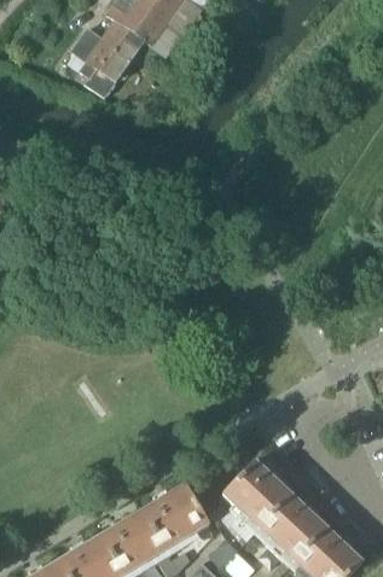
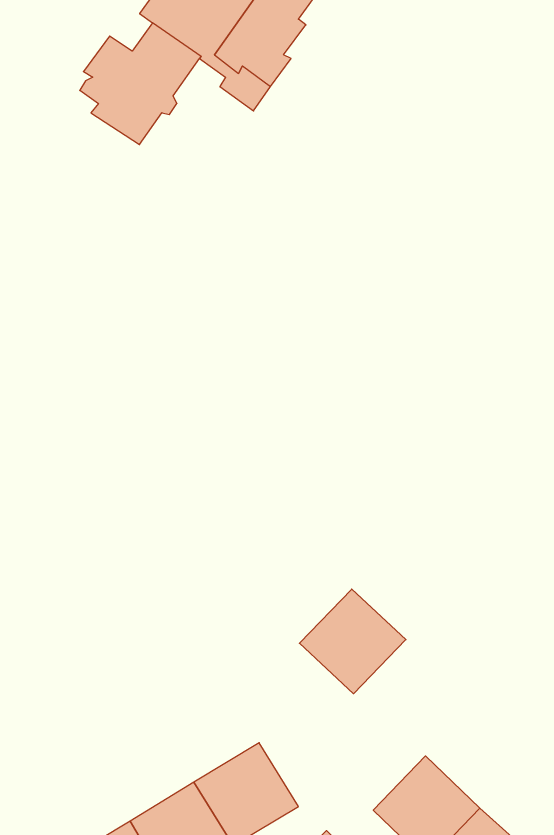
building: [221,459,290,526] -> [299,589,406,694]

